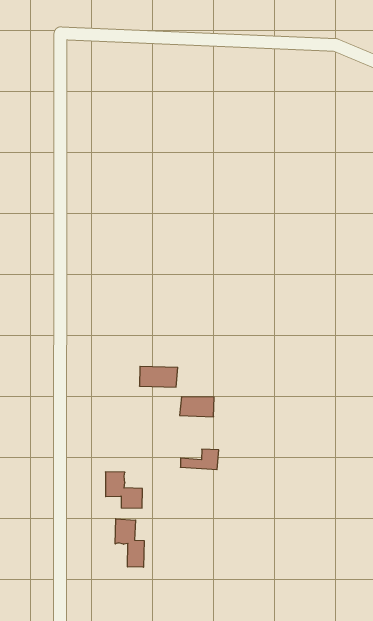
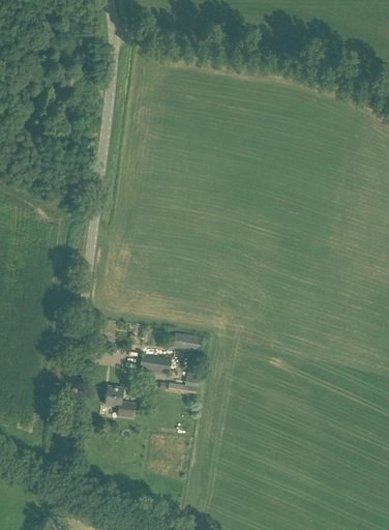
building: [139,366,178,387] -> [140,353,172,373]
building: [115,519,144,567] -> none

